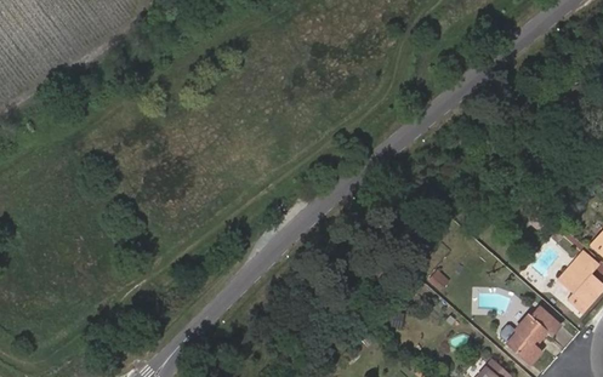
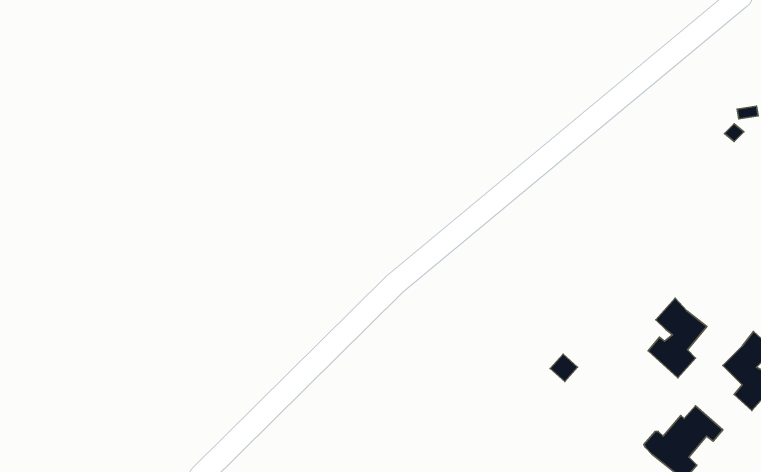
building: none -> [648,298,707,378]

